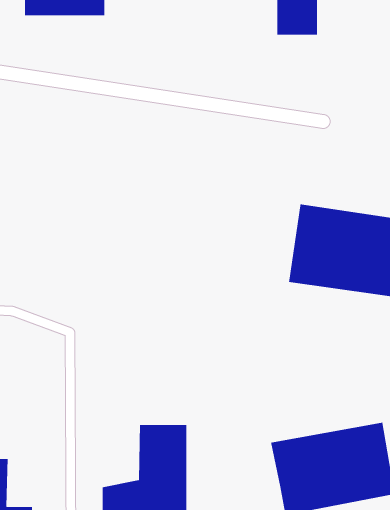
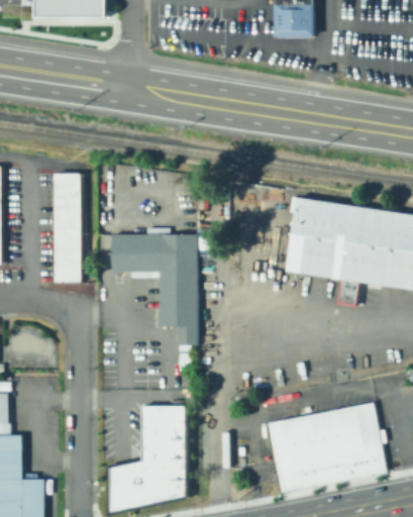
building: none -> [51,175,80,284]
building: none -> [114,233,201,346]

